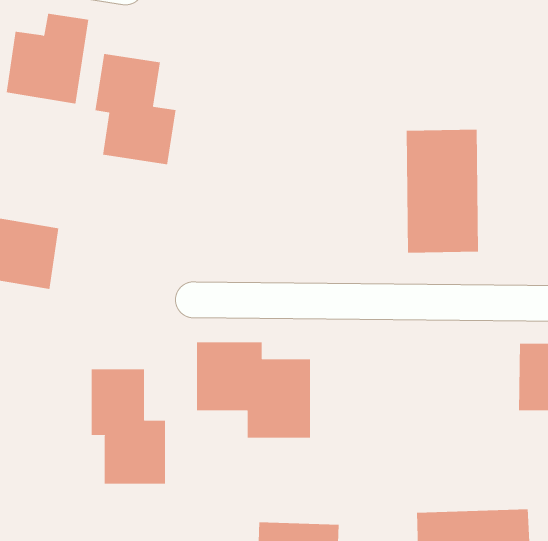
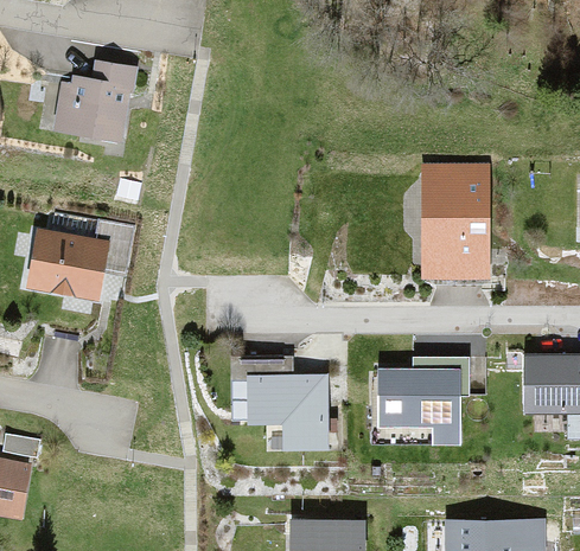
building: [95,53,176,165] -> none
building: none -> [378,353,490,442]
building: [91,368,166,485] -> none

